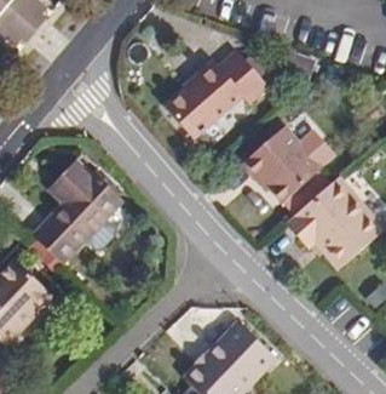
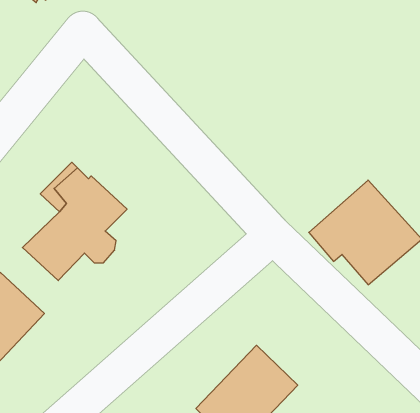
building: [157,61,259,148] -> none
building: [232,136,318,212] -> none

